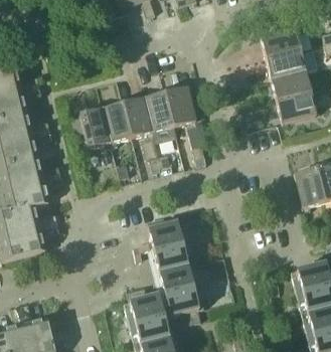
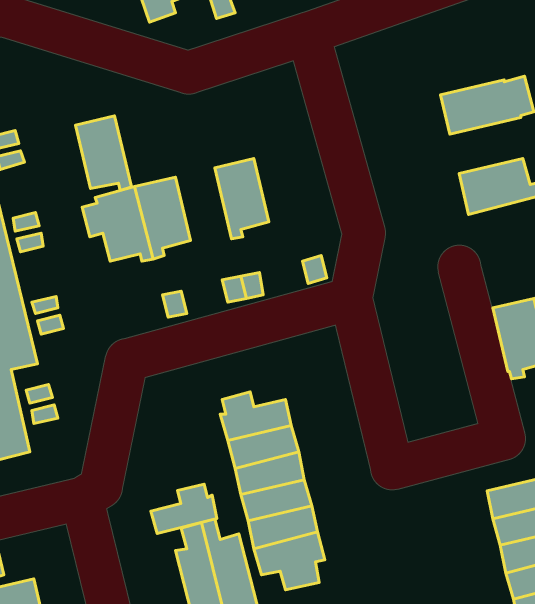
building: [261,26,301,57] -> none
building: [272,69,311,100] -> none
building: [166,85,196,126] -> none
building: [124,97,154,137] -> [75,116,131,191]
building: none -> [151,484,217,534]

